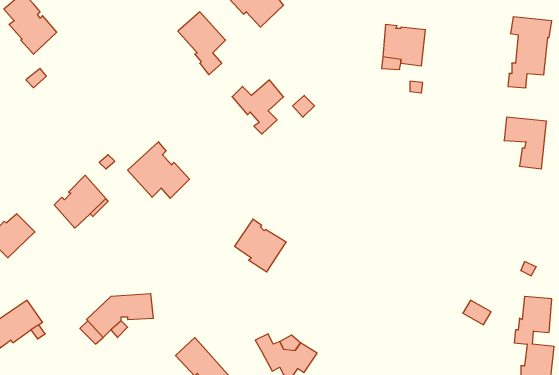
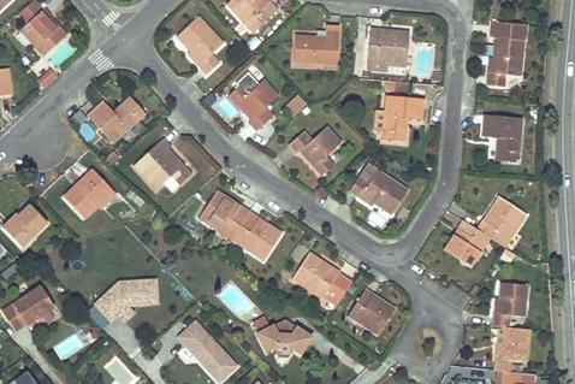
building: none -> [296,25,340,65]
building: none -> [377,95,425,141]
building: none -> [85,96,144,142]
building: none -> [290,126,340,175]
building: none -> [350,164,408,212]
building: none -> [197,189,249,235]
building: none -> [445,196,527,267]
building: none -> [291,252,350,301]
building: none -> [348,286,393,335]

